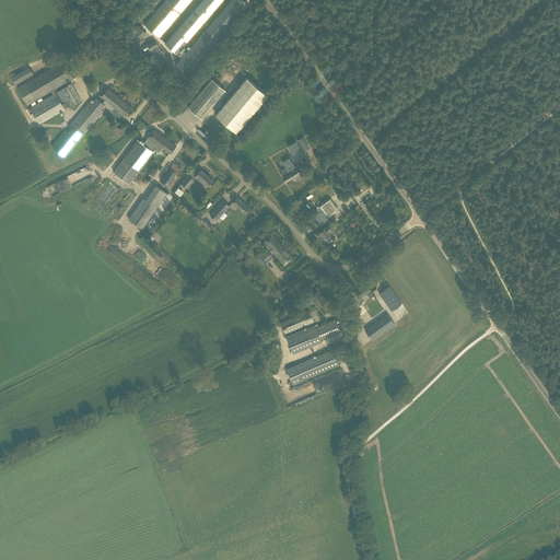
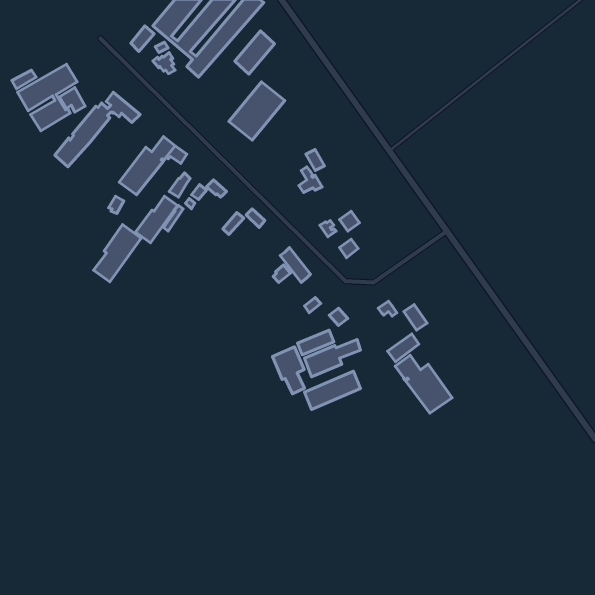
building: [187,78,224,118] -> [235,31,275,74]
building: none -> [94,224,141,282]
building: none -> [273,347,305,394]
building: none -> [395,355,452,413]

